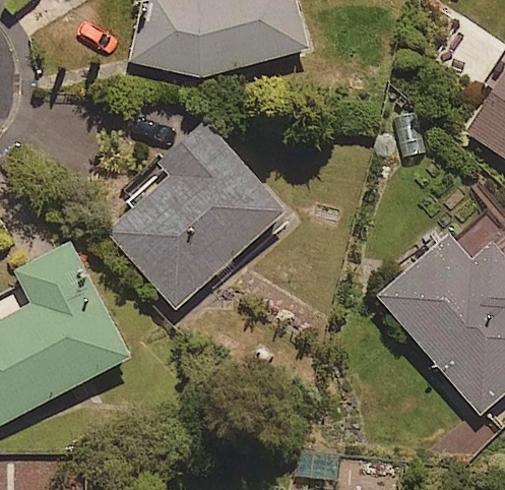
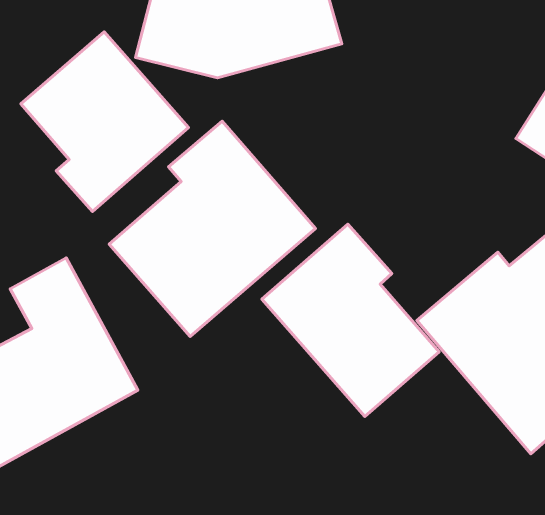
building: none -> [21,32,189,211]
building: none -> [262,224,439,416]

